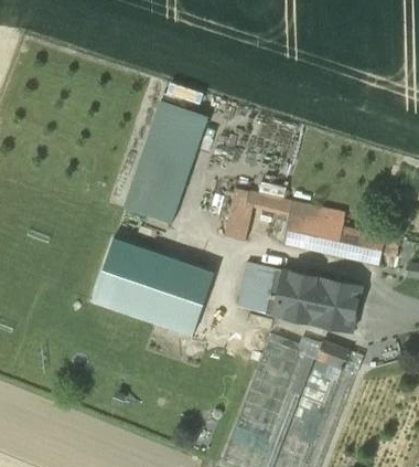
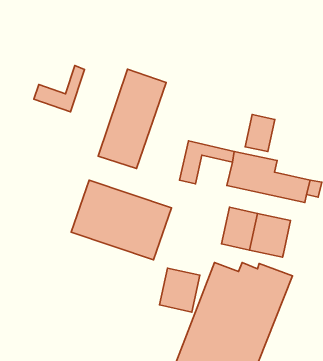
building: none -> [34,66,85,112]
building: none -> [245,115,275,152]
building: [236,262,286,316] -> [160,268,200,312]

